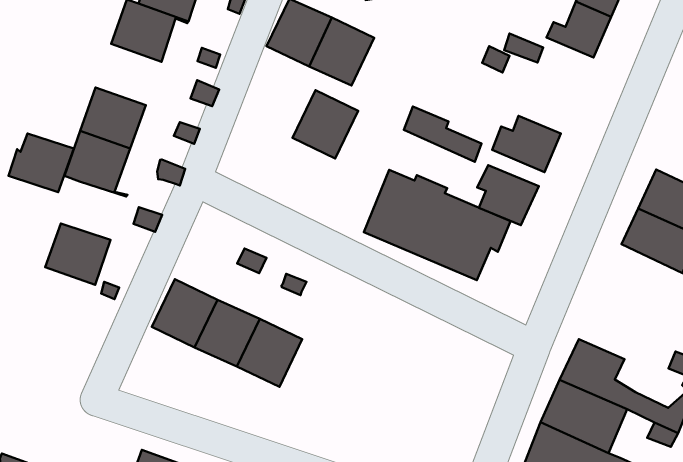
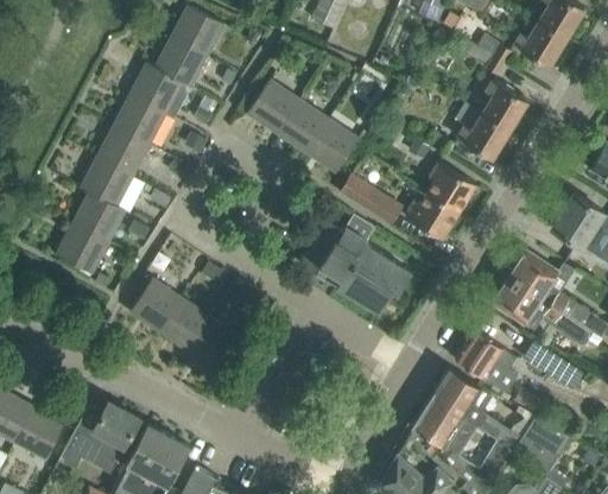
building: none -> [114,95,166,145]
building: [293,90,358,158] -> [306,120,359,173]
building: [8,133,74,192] -> [72,195,125,242]
building: [477,165,539,225] -> [429,164,476,213]
building: none -> [455,330,517,379]

